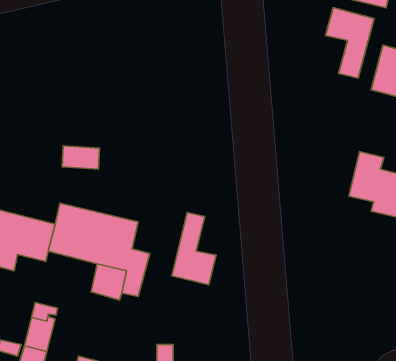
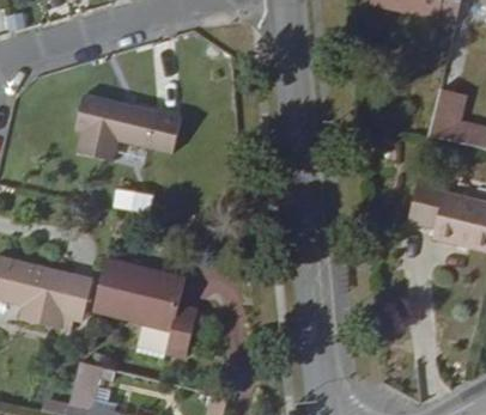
building: [325,7,374,78] -> none
building: none -> [81,85,183,153]
building: [172,213,216,285] -> none

